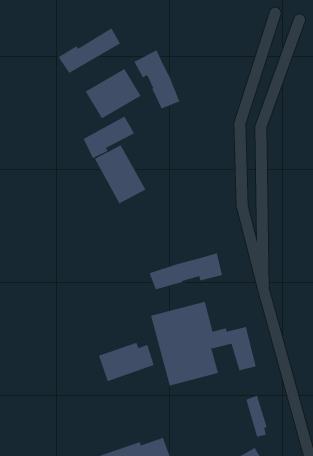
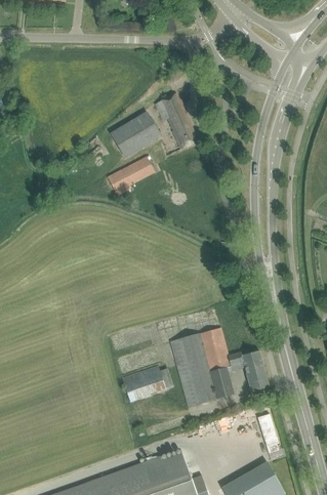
building: [58,28,121,74] -> none
building: [94,144,146,204] -> none
building: [149,253,223,290] -> none

